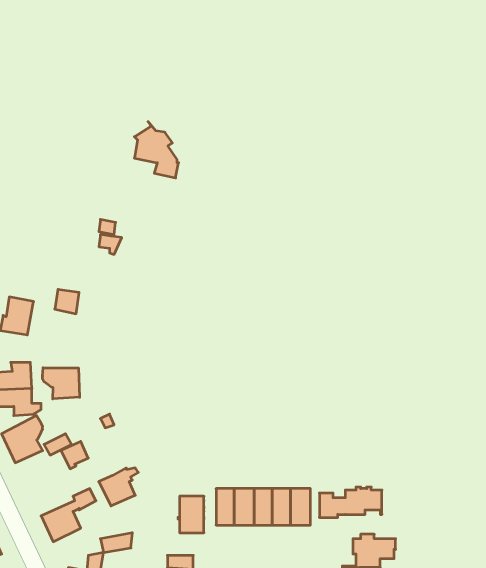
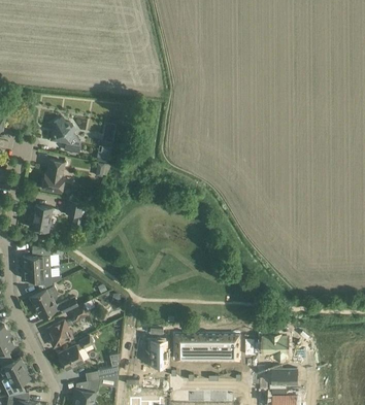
building: [134,122,179,178] -> [51,114,80,153]
building: none -> [41,159,64,192]
building: [43,368,80,399] -> none
building: [99,468,138,506] -> [45,319,72,345]

